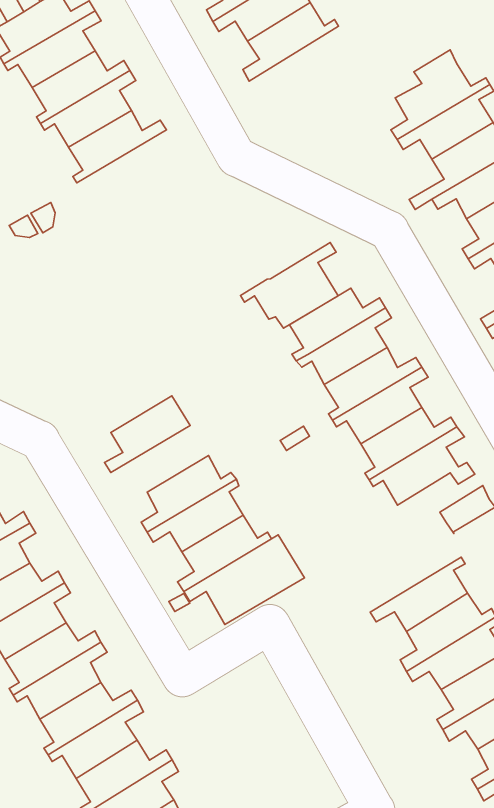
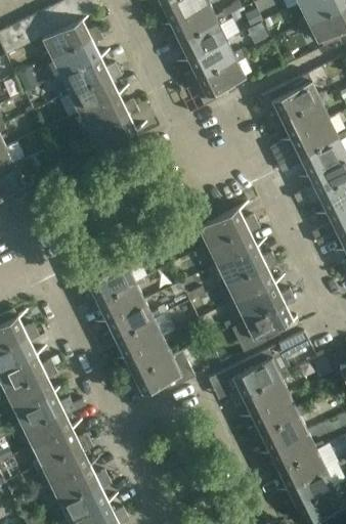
building: none -> [187,55,245,103]
building: [241,242,338,328] -> [81,107,139,156]
building: none -> [86,279,144,319]
building: none -> [228,350,288,401]

